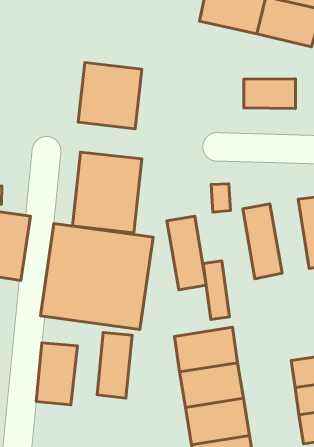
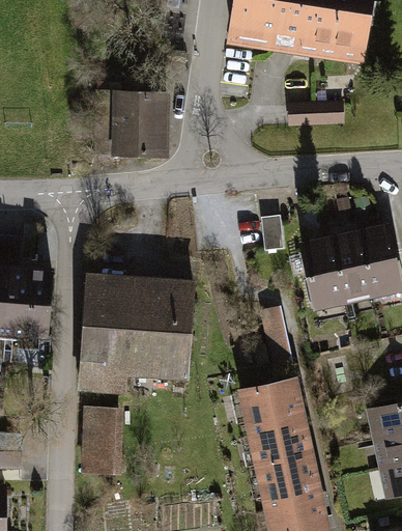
building: [73,152,142,233] -> none
building: [167,216,206,290] -> [328,228,377,312]
building: [97,333,132,398] -> none

